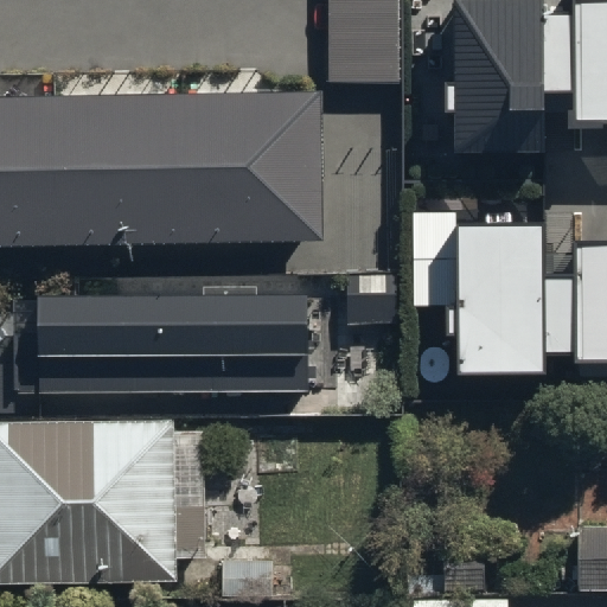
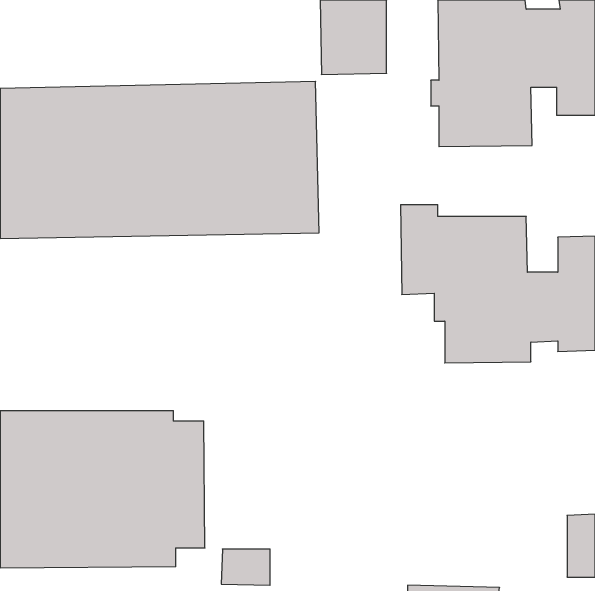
building: [19,295,311,394] -> none

